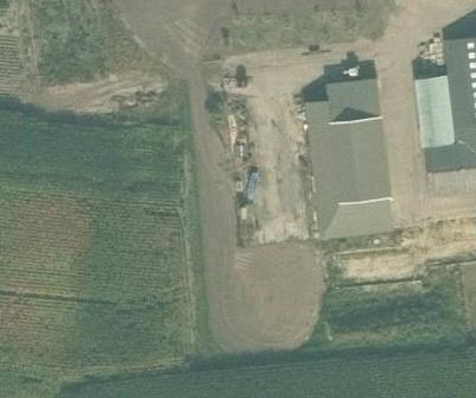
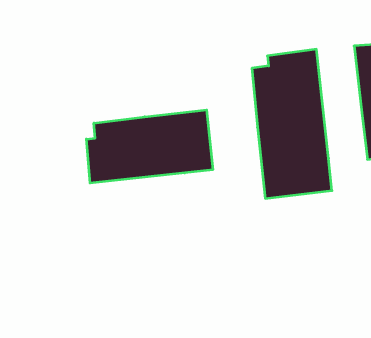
building: none -> [86,110,213,183]

